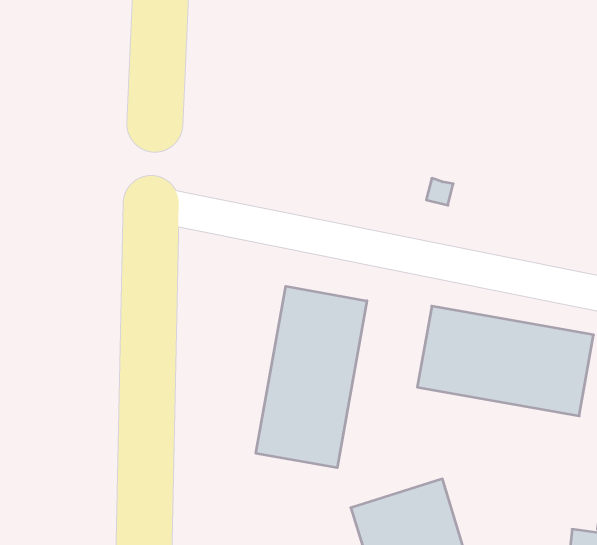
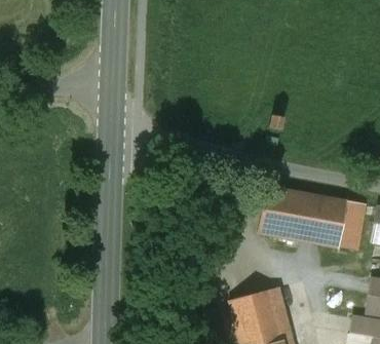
building: [256,286,367,468] -> none

